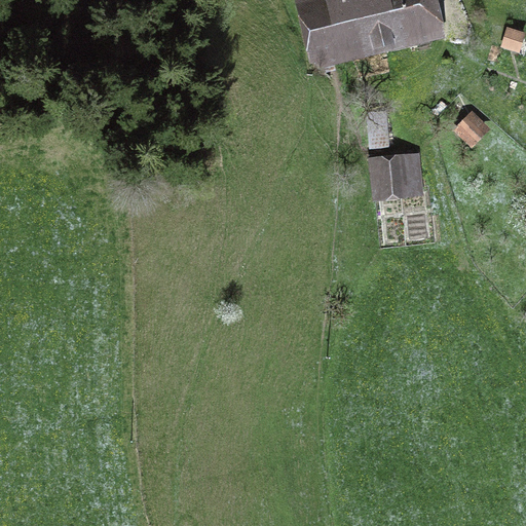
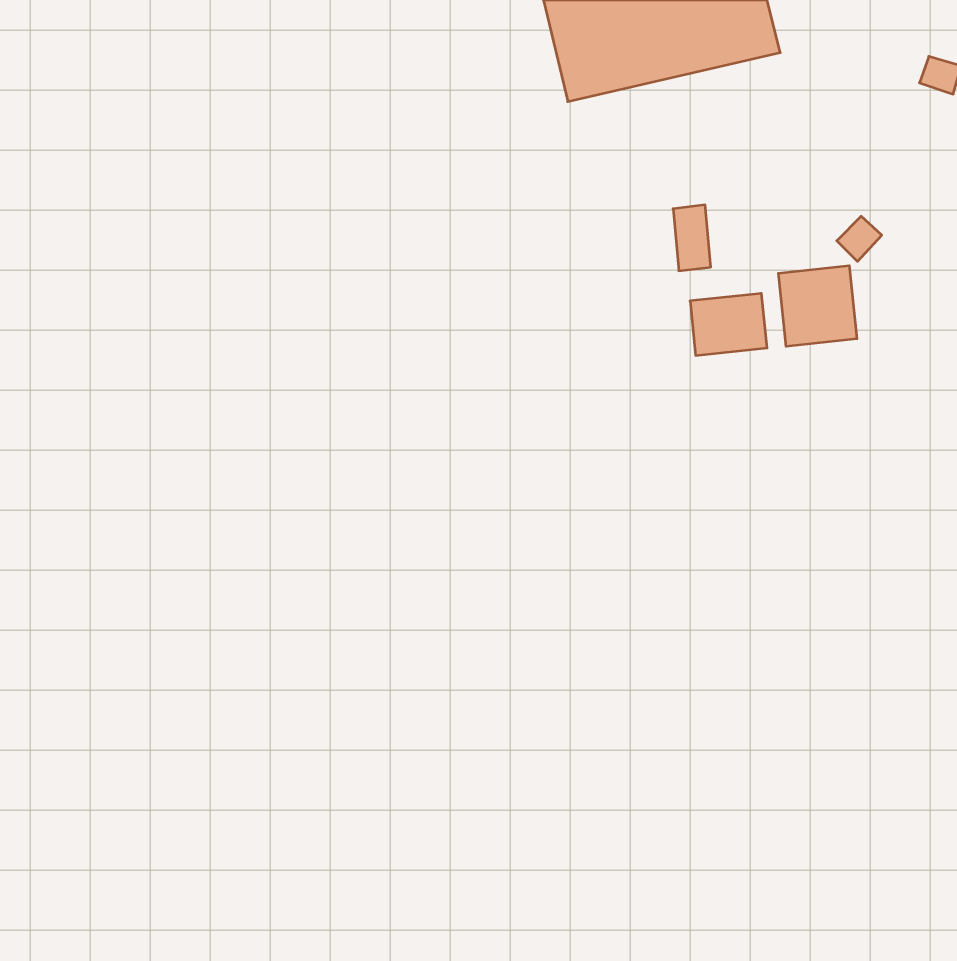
building: none -> [778,266,857,346]

